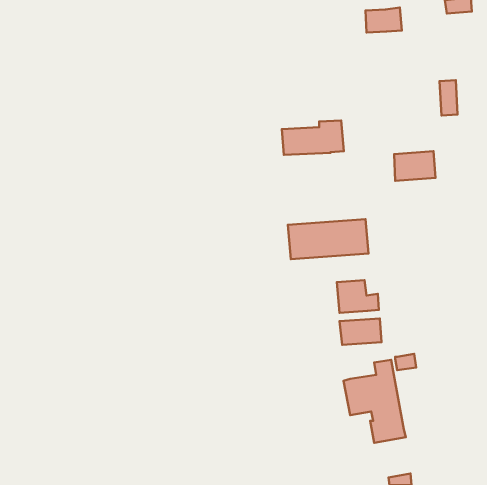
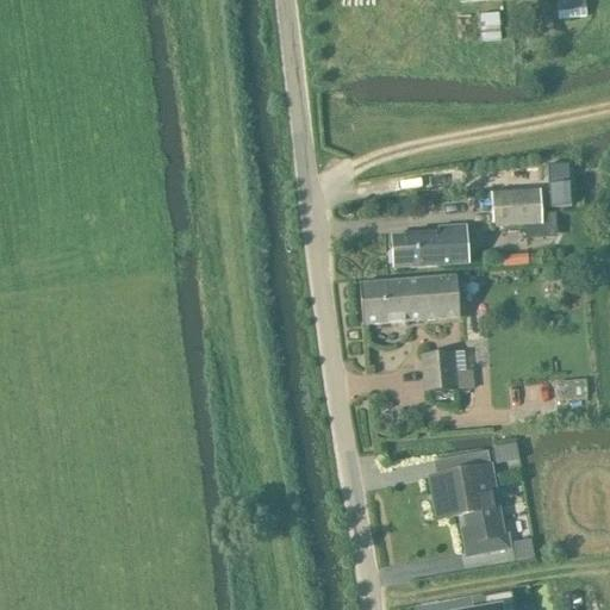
building: [439,80,458,116] -> [549,161,572,205]
building: [282,120,344,155] -> [393,223,471,266]
building: [339,318,382,345] -> none

